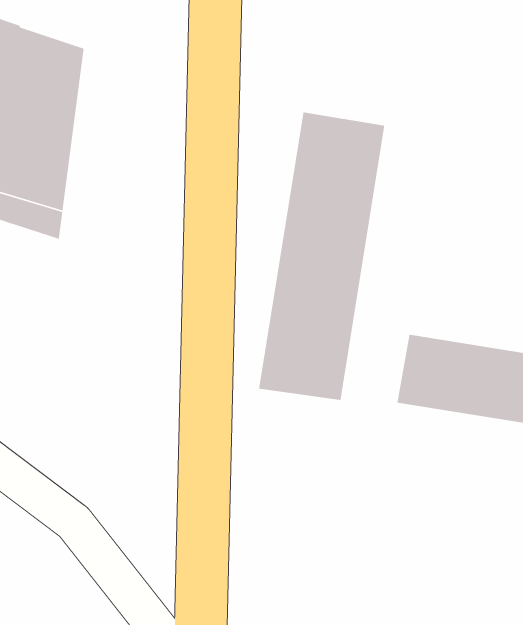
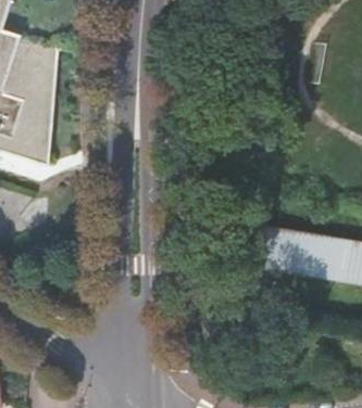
building: [258,112,385,401] -> none

